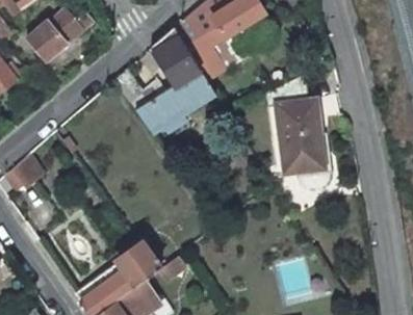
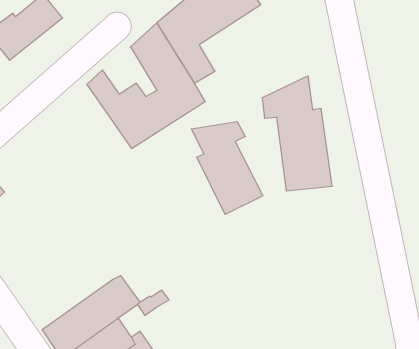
building: none -> [191,122,263,214]

